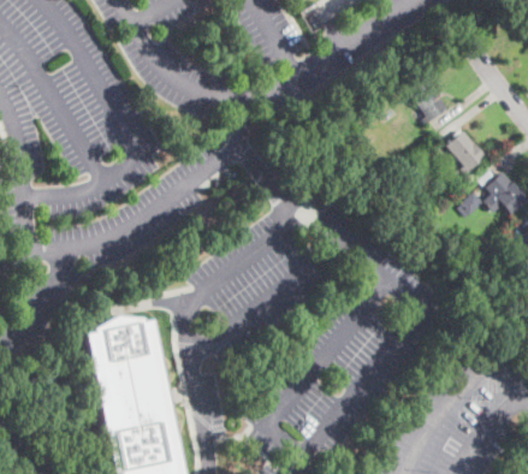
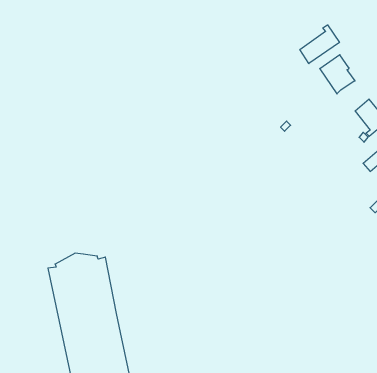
building: none -> [300,25,339,64]

